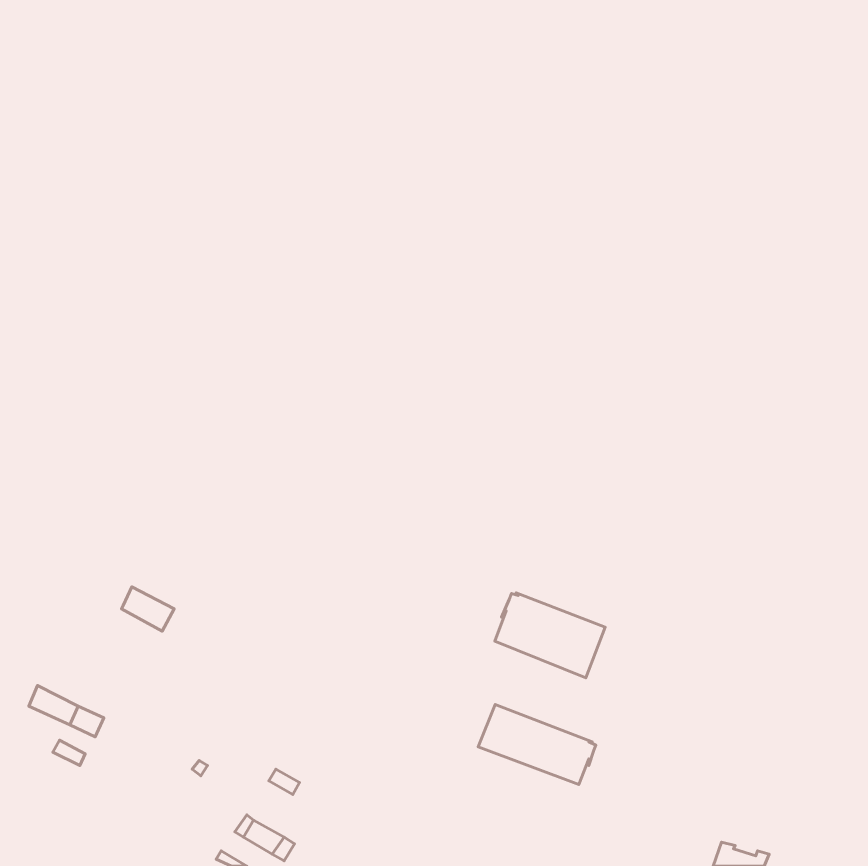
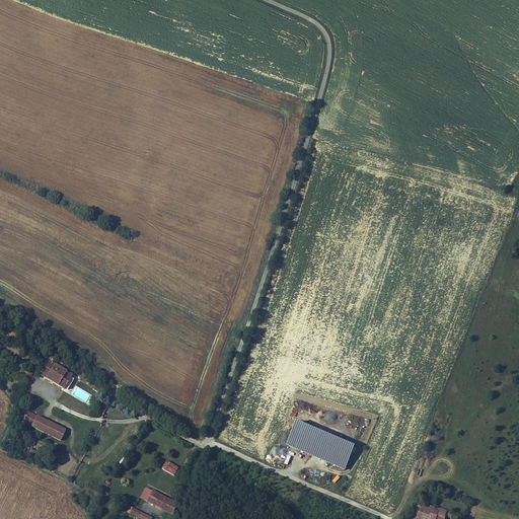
building: [121,587,174,631] -> [36,361,68,387]
building: [495,593,605,678] -> none

